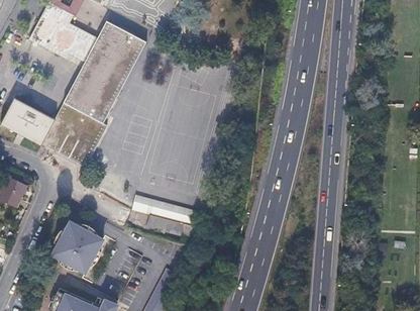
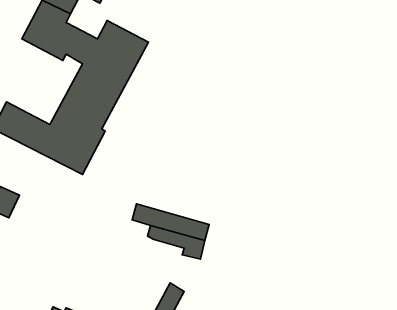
building: [52,222,106,276] -> none

